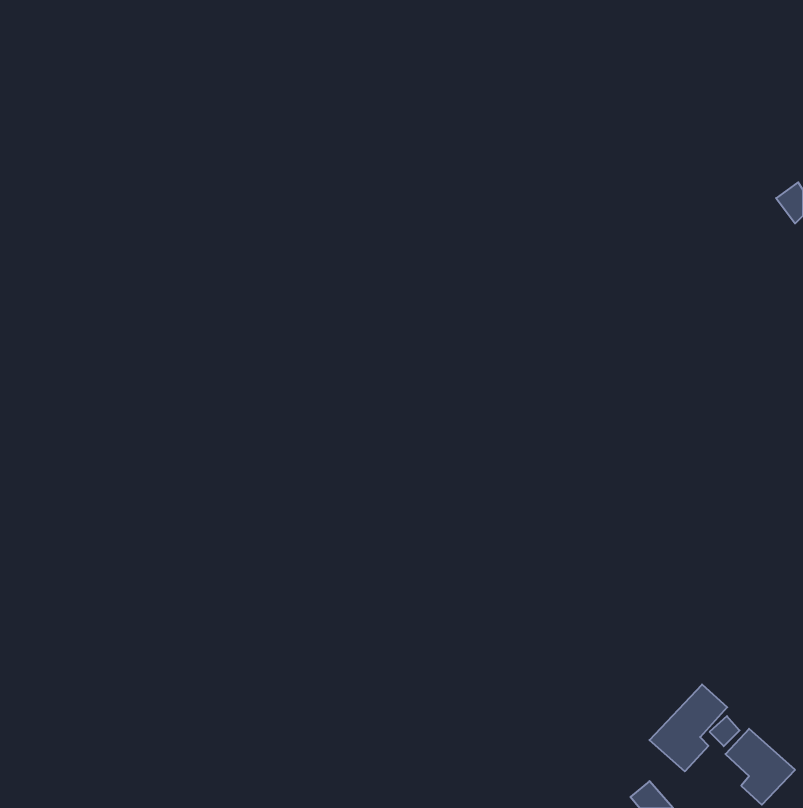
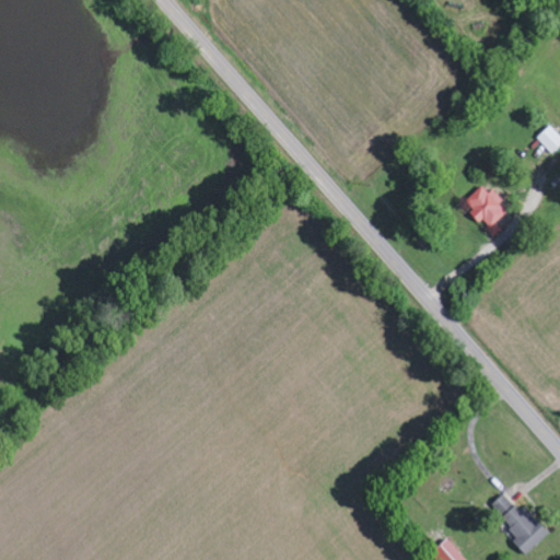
building: none -> [466,184,505,230]
building: [649,684,727,771] -> none

